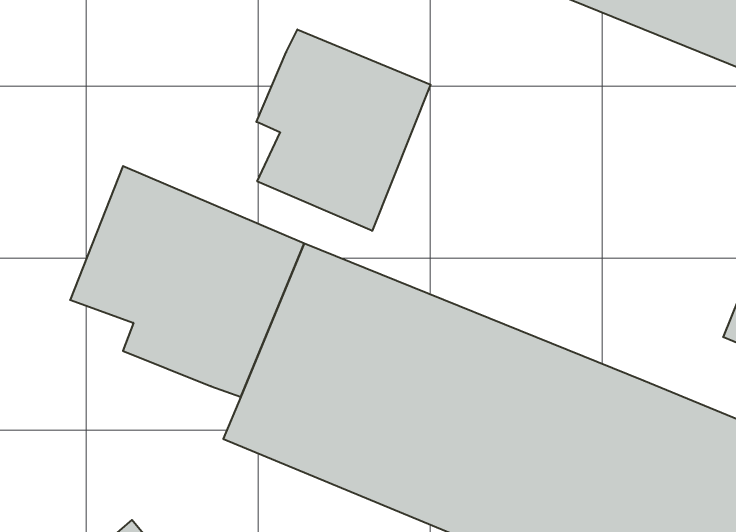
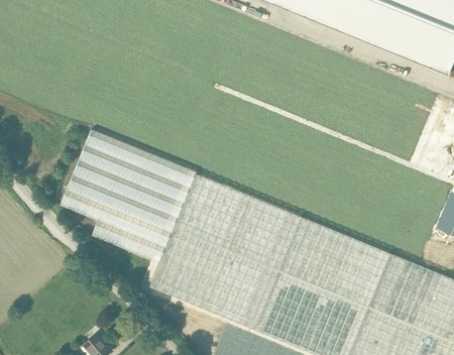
building: [256,29,431,231] -> none

